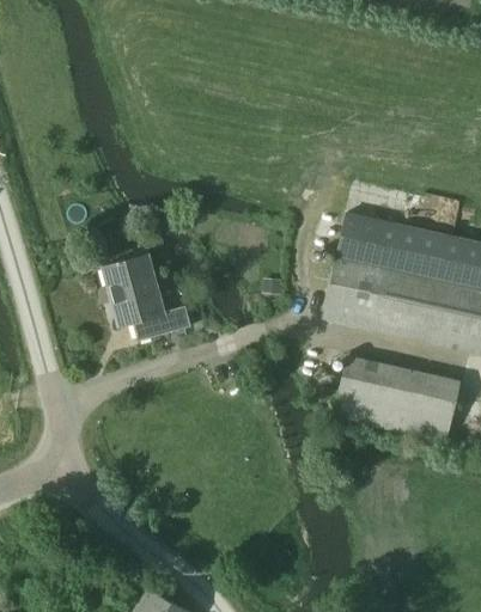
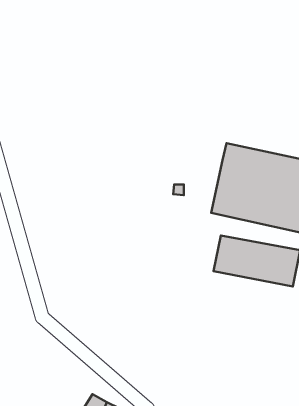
building: [104,252,195,339] -> none

